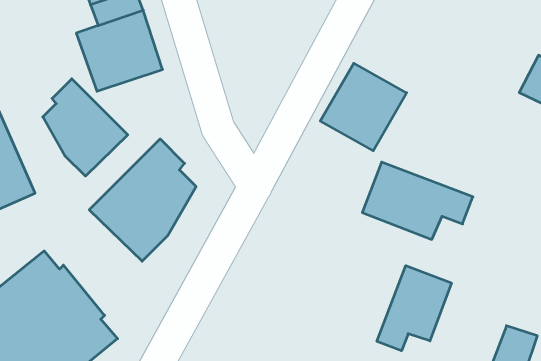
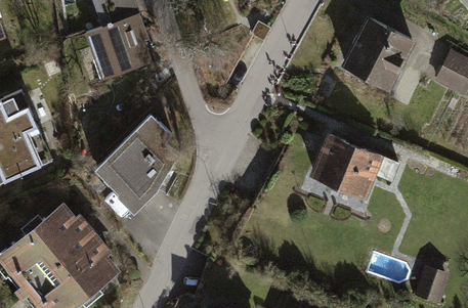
building: [320,63,407,151] -> [344,17,413,87]
building: [43,79,128,176] -> none
building: [377,266,451,351] -> none

